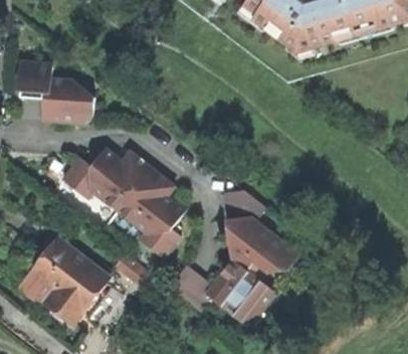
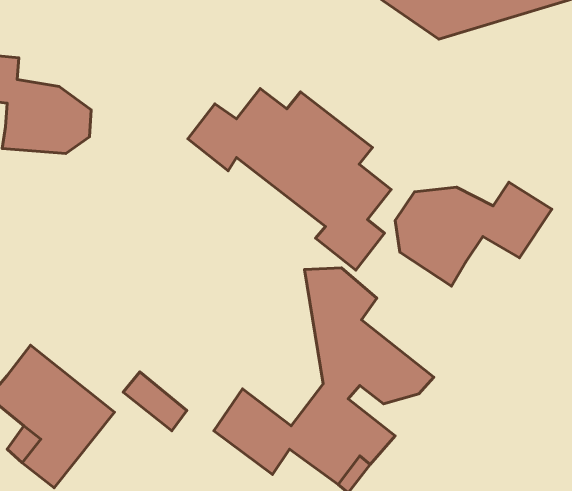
building: none -> [395,182,552,286]
building: [62,149,184,257] -> [188,89,391,270]

